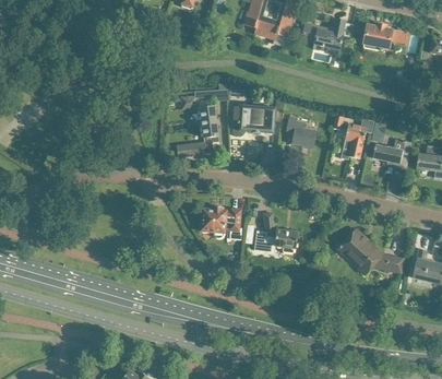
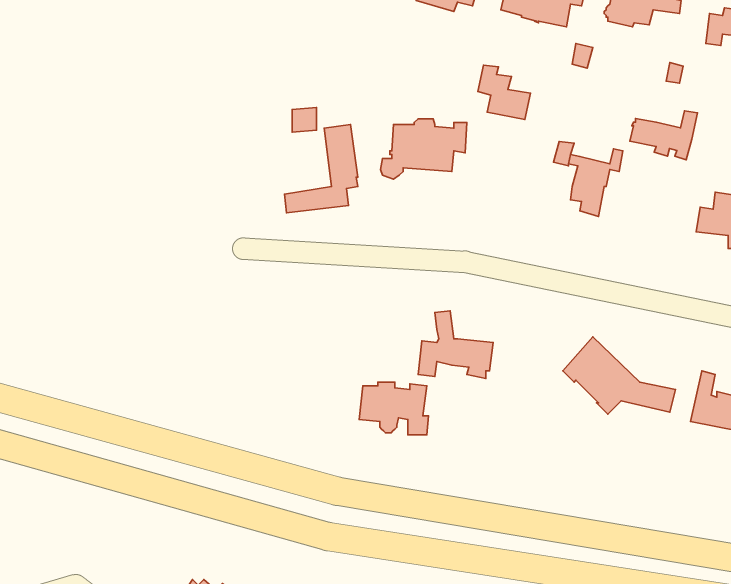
building: [286,116,316,147] -> [478,65,530,120]
building: [372,141,411,169] -> [630,111,698,160]
building: [202,209,242,239] -> [359,382,429,435]

